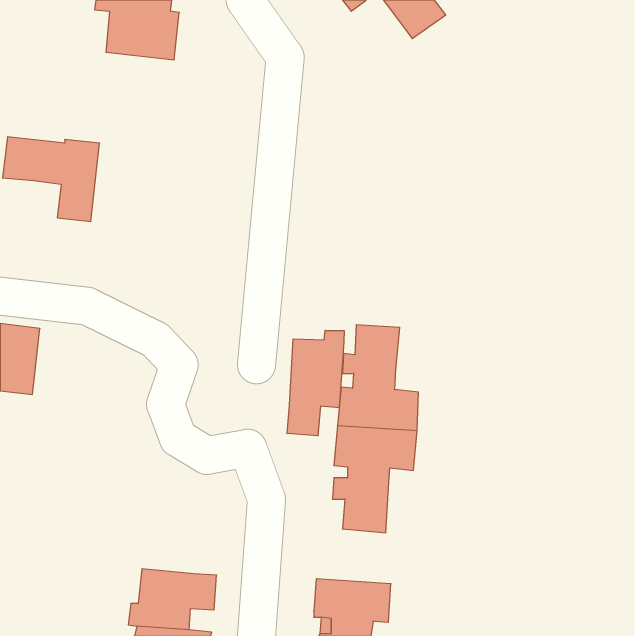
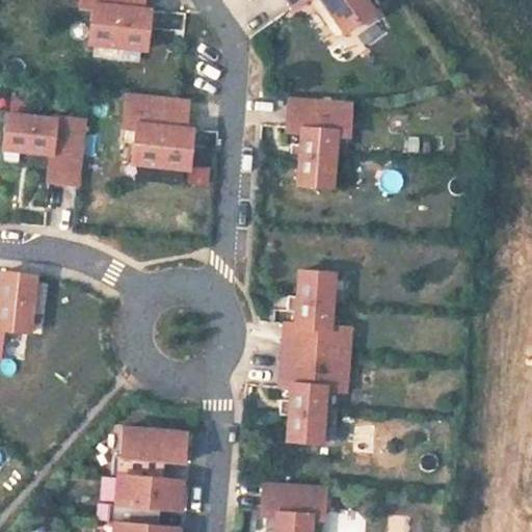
building: none -> [124,95,194,169]
building: none -> [287,100,352,187]
building: [287,330,344,436] -> none
building: none -> [112,427,186,479]

